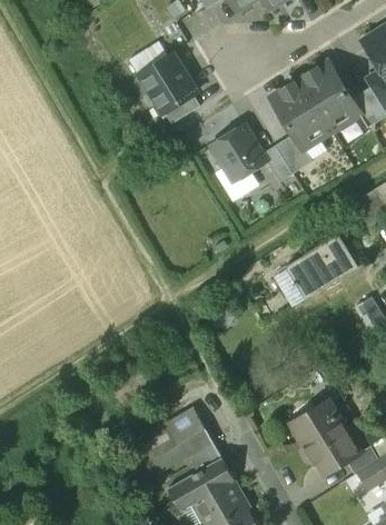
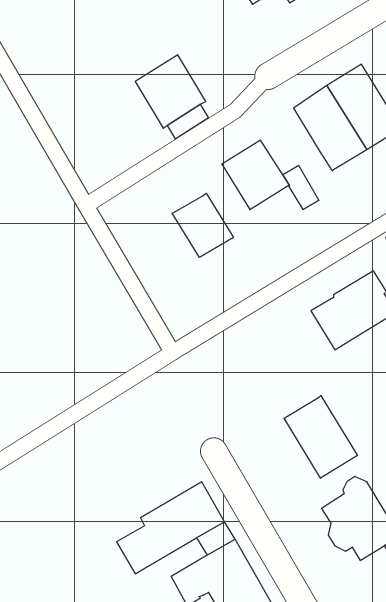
building: [275,133,311,174] -> none
building: none -> [172,193,233,257]
building: none -> [284,395,357,478]

